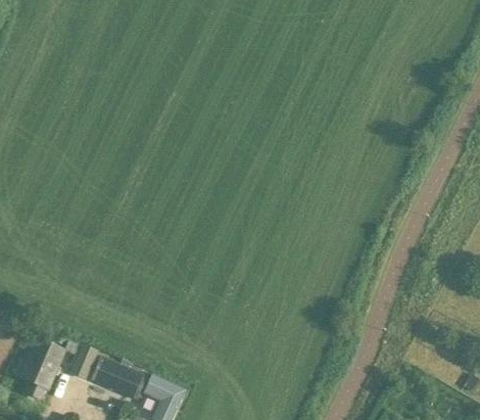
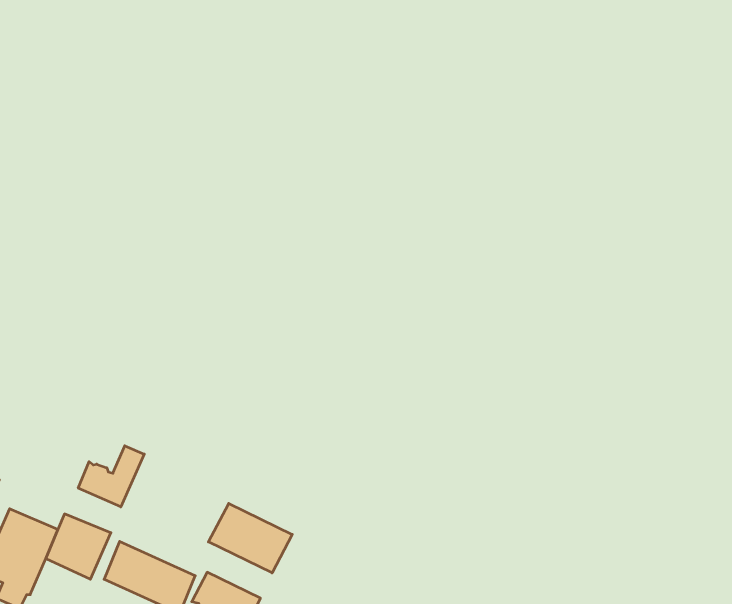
building: none -> [78,446,144,507]
building: none -> [208,503,292,573]

